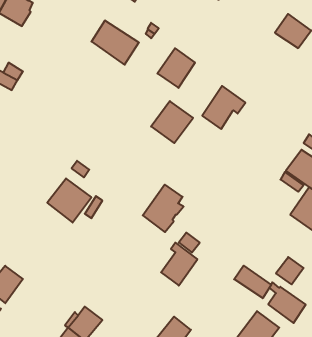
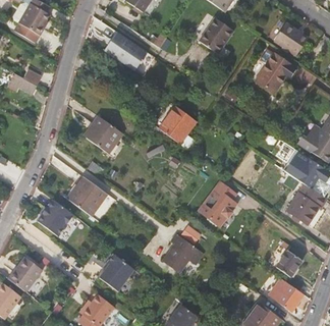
building: [157,48,195,88] -> [199,19,233,56]
building: [202,86,245,129] -> [256,55,295,95]
building: none -> [86,115,123,153]
building: [143,185,184,232] -> [200,181,237,225]
building: none -> [38,201,73,237]
building: none -> [100,256,134,292]
building: [234,266,271,298] -> none

